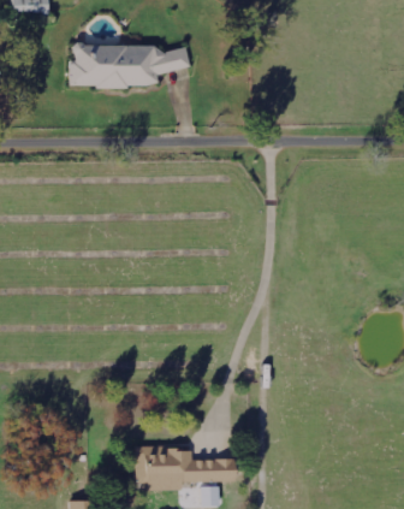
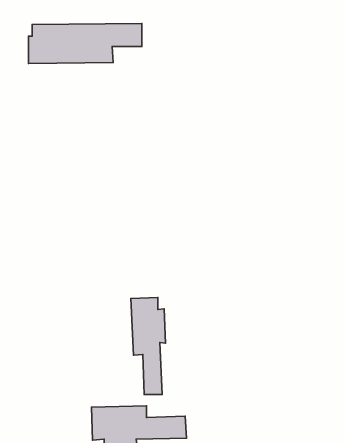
building: none -> [131,298,165,395]

